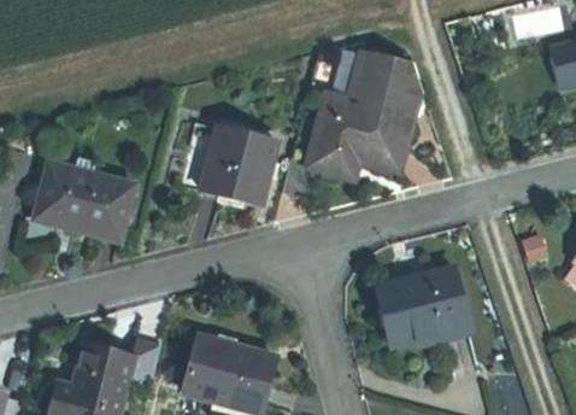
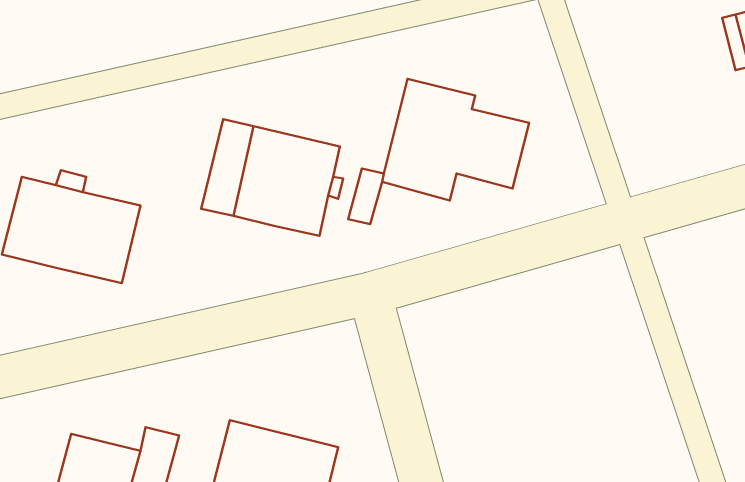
building: [348,47,425,124] -> none
building: [376,268,470,346] -> none

